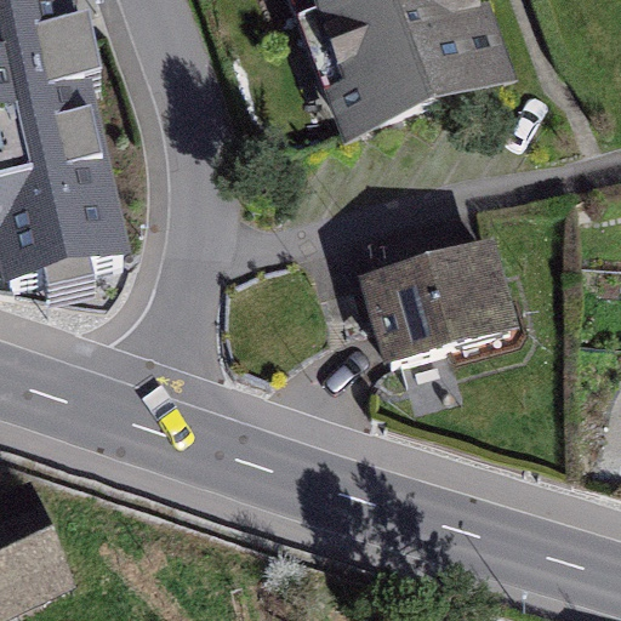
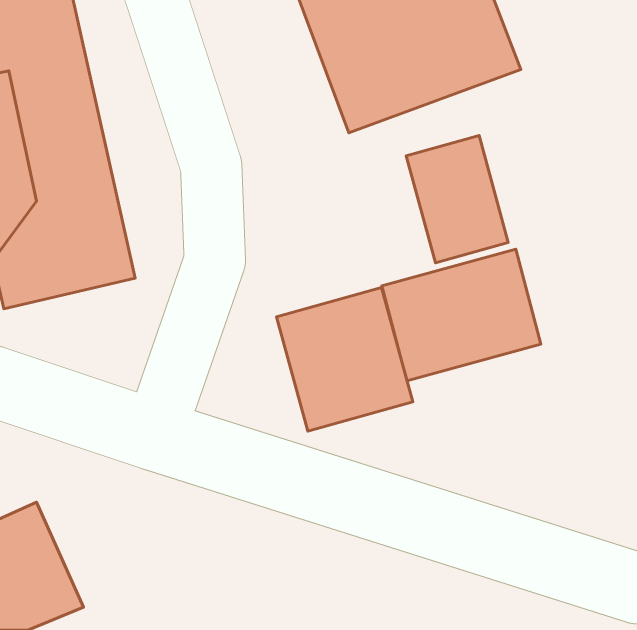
building: none -> [406,136,508,263]
building: none -> [277,288,413,431]

